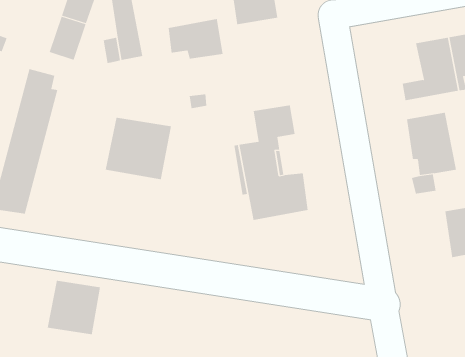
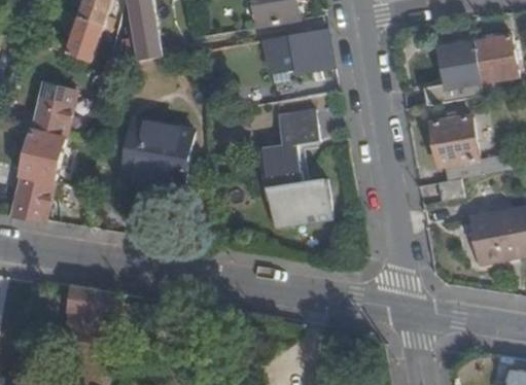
building: [168,19,224,59] -> [276,30,332,71]

